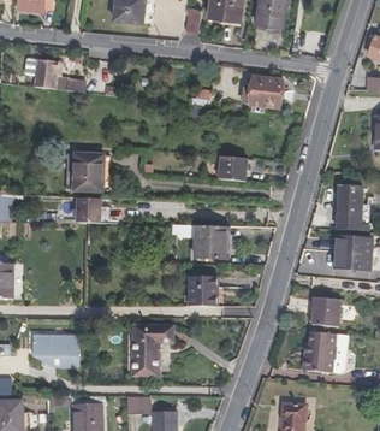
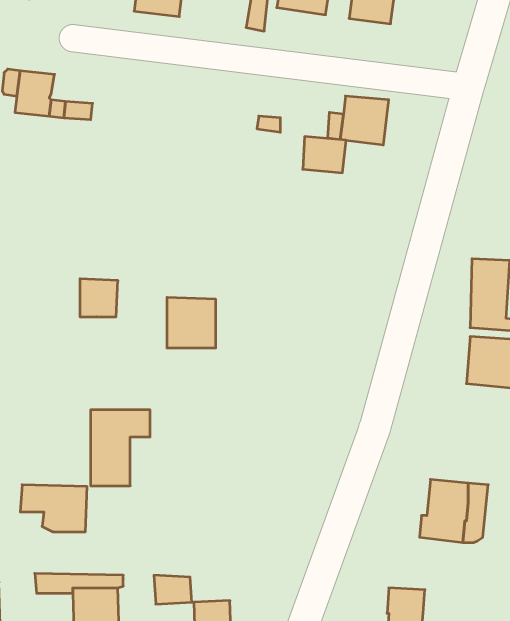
building: [72,153,103,193] -> none
building: [218,157,247,181] -> [303,137,346,173]
building: [194,225,226,259] -> [167,297,216,348]
building: [189,276,216,306] -> none
building: [310,297,340,327] -> none
building: [132,325,172,376] -> [91,410,150,486]

